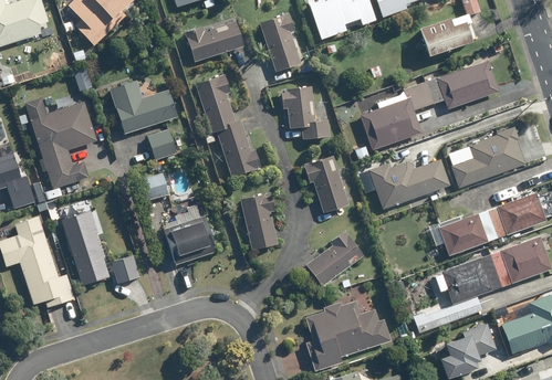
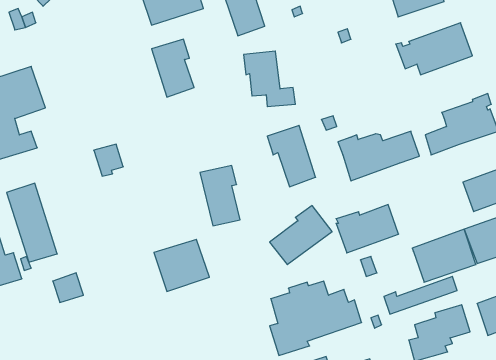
building: [110,80,176,133] -> none
building: [361,80,433,149] -> none
building: [210,119,261,176] -> none
building: [146,129,175,161] -> none
building: [439,209,498,254] -> [336,205,399,253]
building: [164,215,216,264] -> [154,239,209,291]
building: [112,255,140,283] -> [53,273,83,302]

